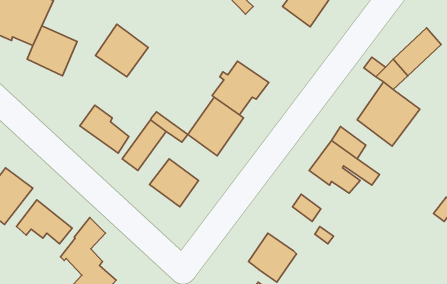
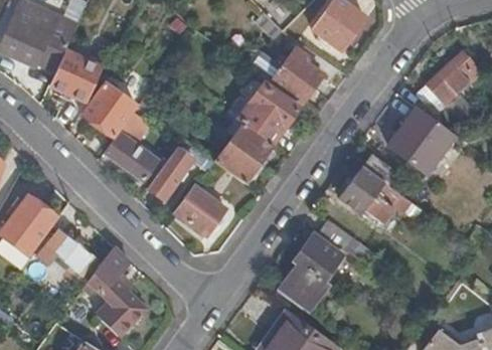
building: none -> [273,47,323,103]
building: [95,24,148,77] -> [83,81,137,136]
building: none -> [295,234,342,282]

